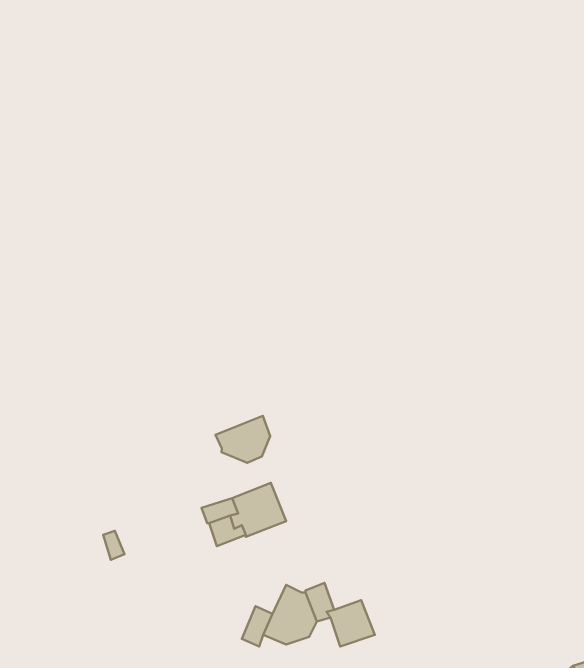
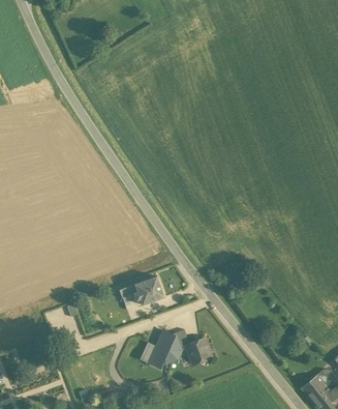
building: [216,416,270,463] -> none

